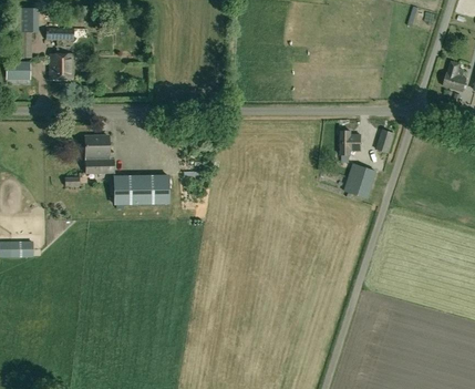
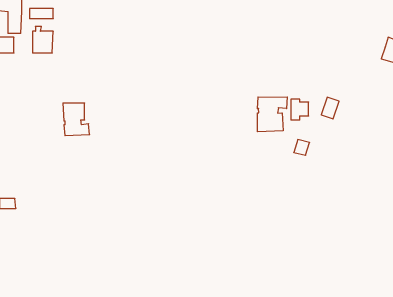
building: none -> [257,97,287,132]
building: [114,175,171,204] -> none

